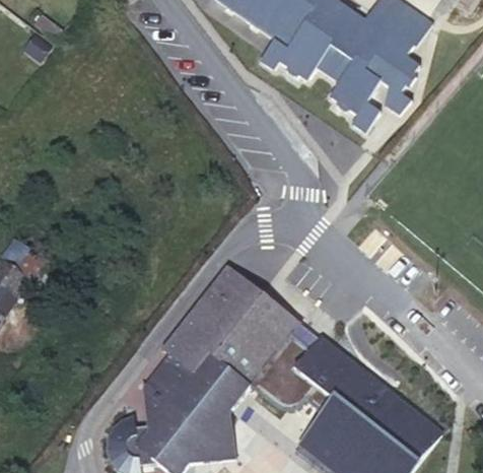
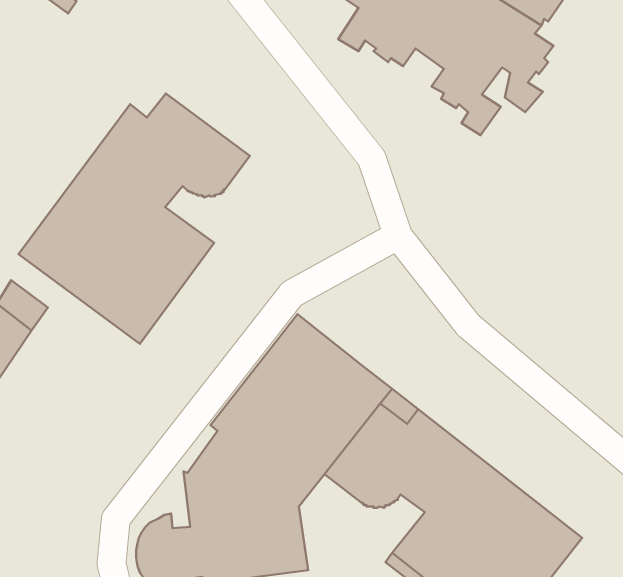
building: none -> [19,94,250,344]

